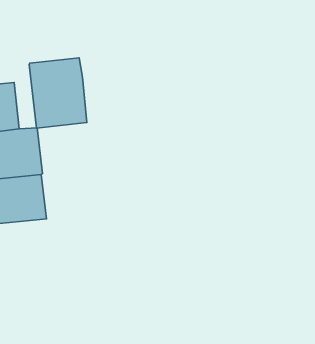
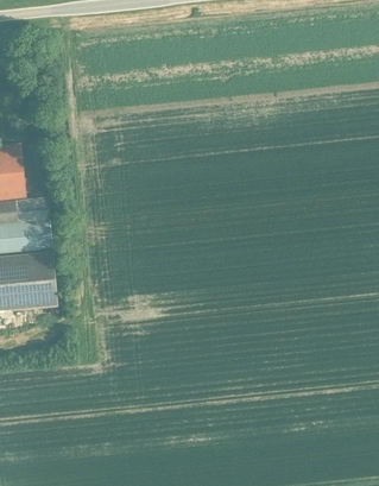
building: [29,58,87,128] -> none

